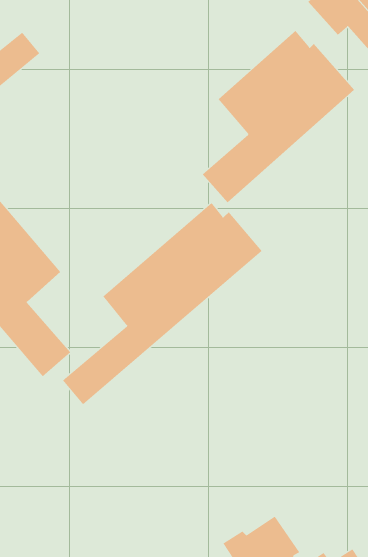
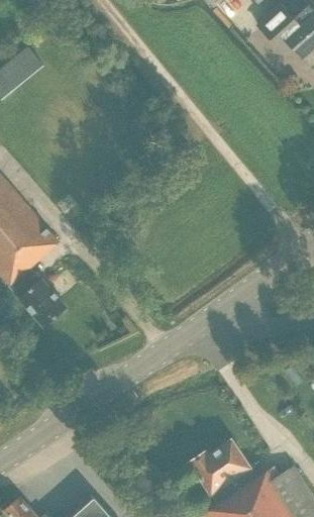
building: [202,30,355,203] -> none
building: [62,202,262,405] -> none

